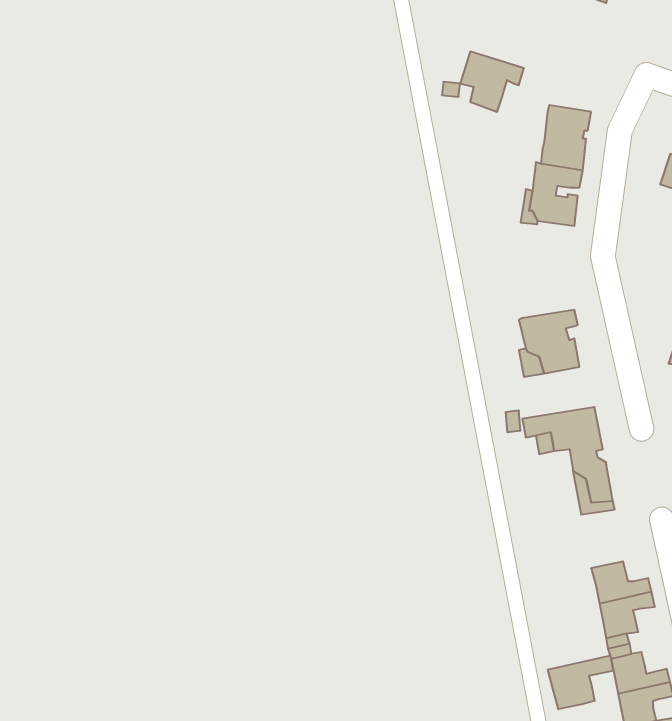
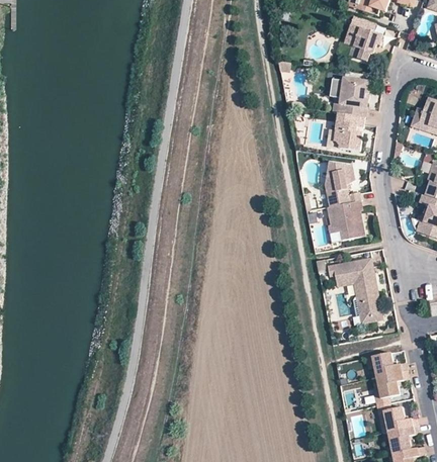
building: [460,52,524,112] -> [345,22,383,59]
building: none -> [324,161,359,204]
building: [548,655,613,709] -> none

